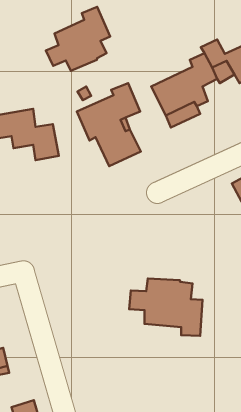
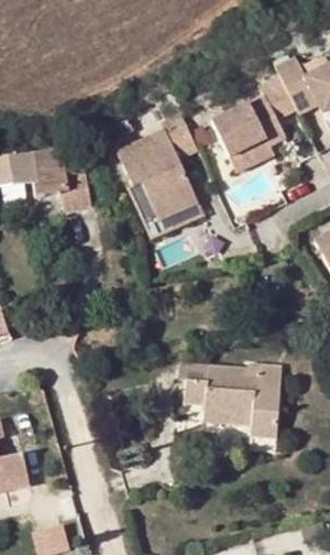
building: [46,7,110,71] -> none

